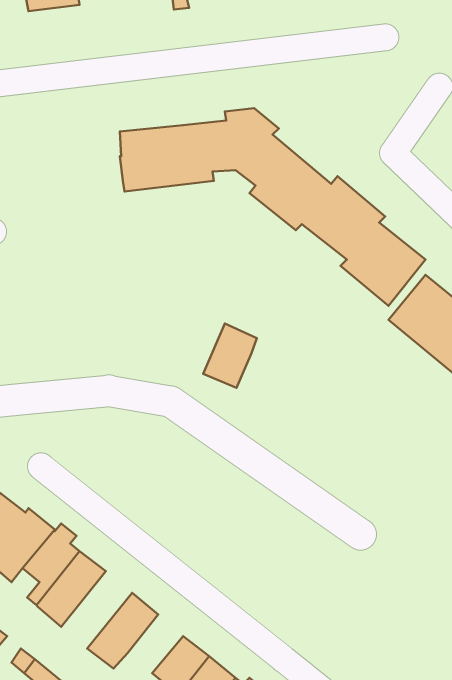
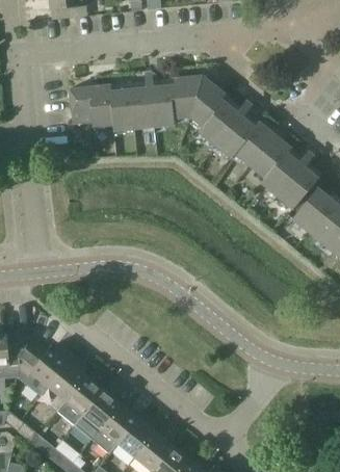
building: none -> [70,85,113,127]
building: [203,324,257,388] -> none
building: none -> [72,388,120,440]
building: none -> [116,413,154,456]

